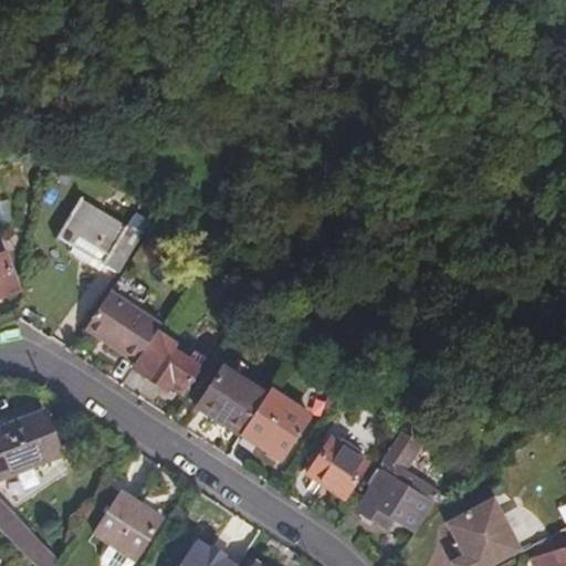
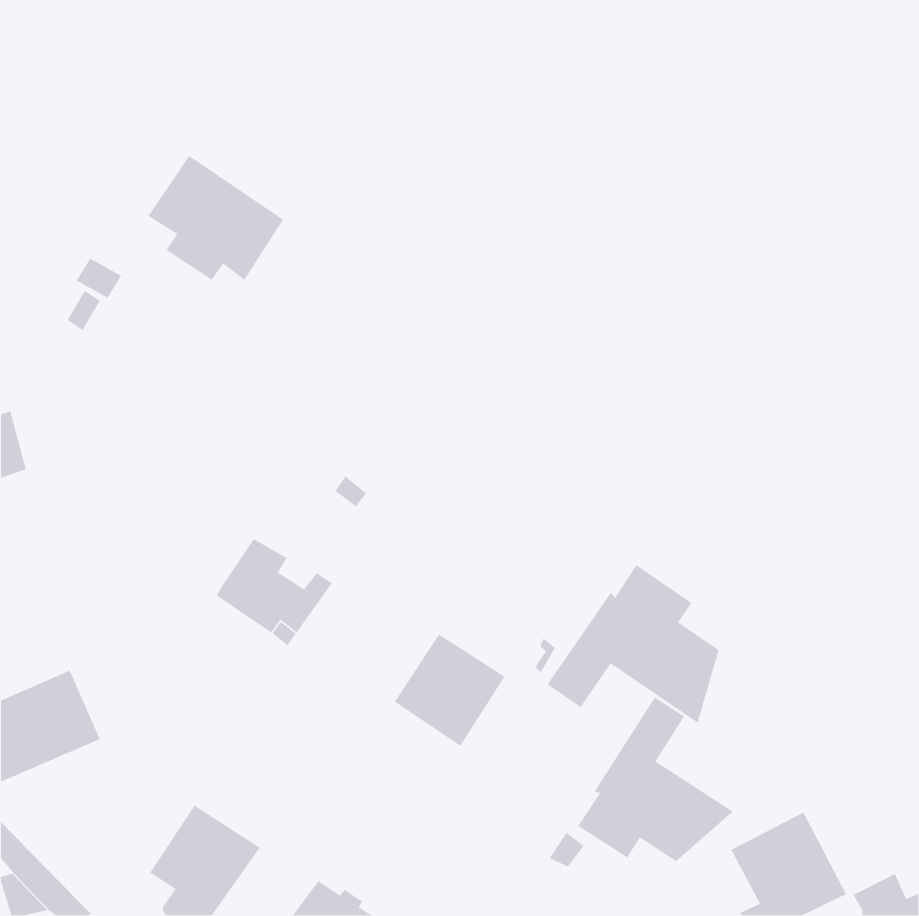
building: [59,198,143,275] -> [148,155,284,281]
building: [84,290,160,361] -> none
building: none -> [546,564,720,724]
building: [198,364,268,432] -> none
building: [307,438,367,496] -> none

